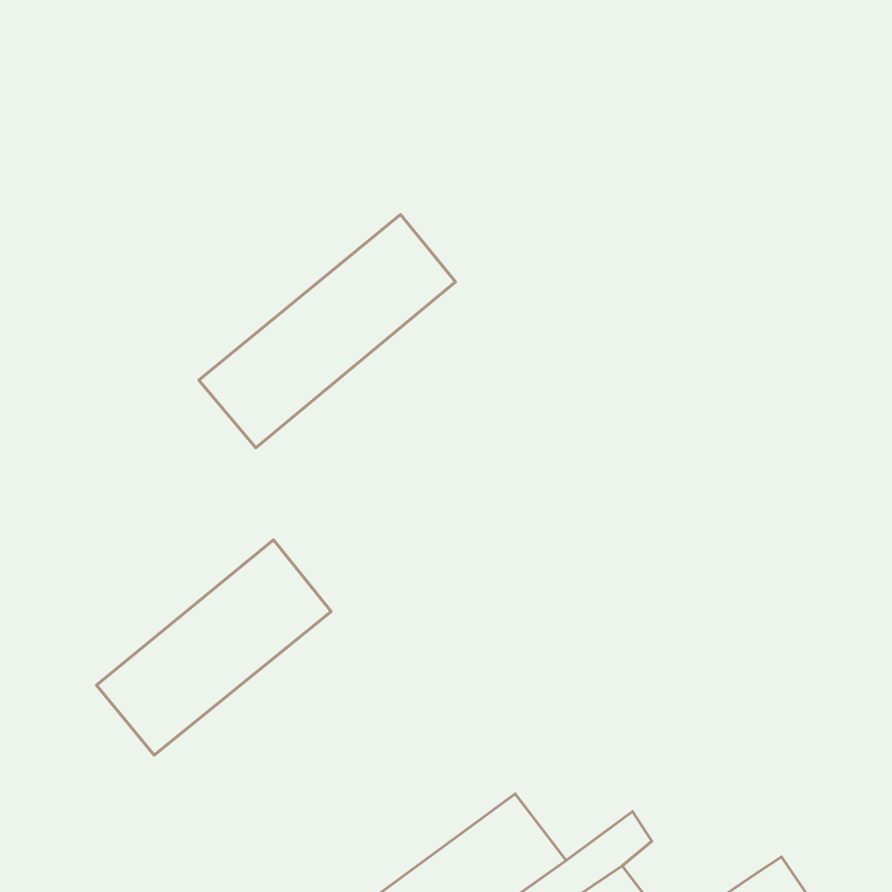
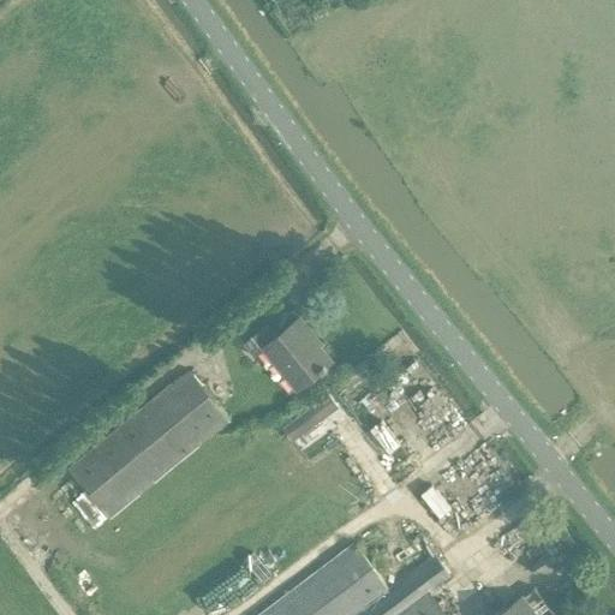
building: [199,215,456,448] -> none
building: none -> [243,321,330,392]

